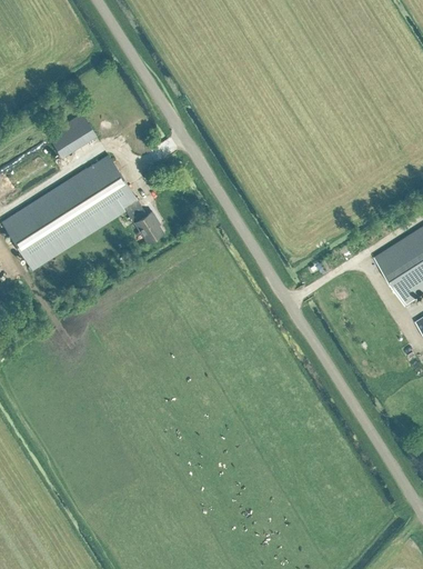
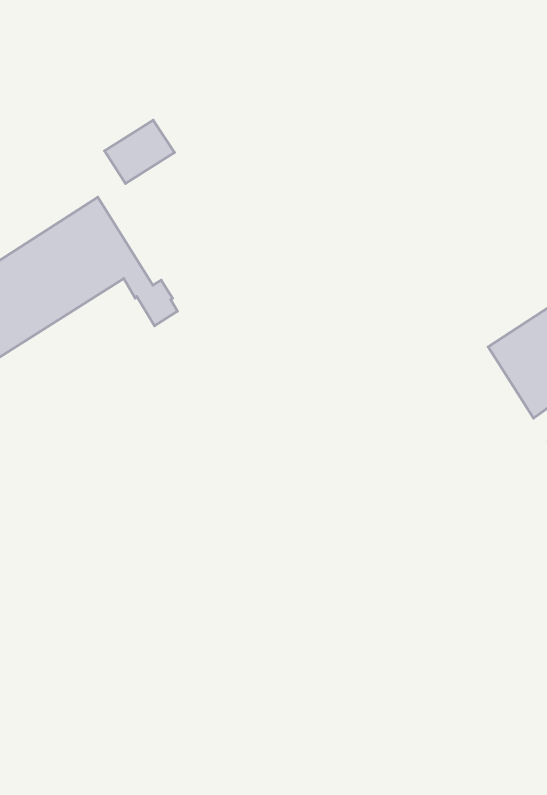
building: [49,113,97,157] -> [104,120,174,183]

